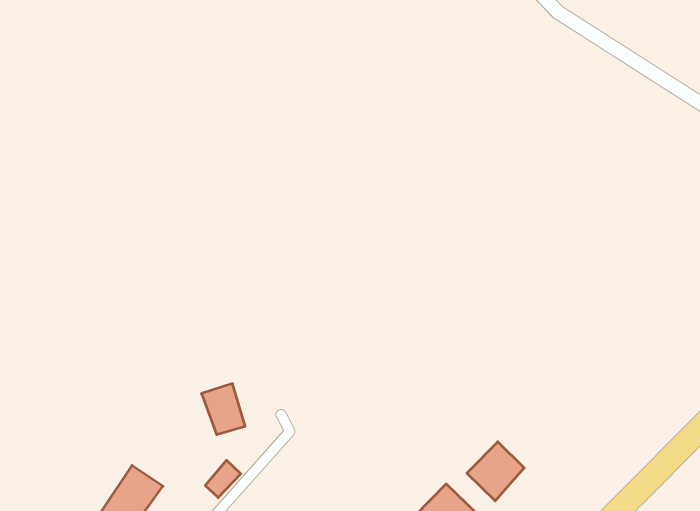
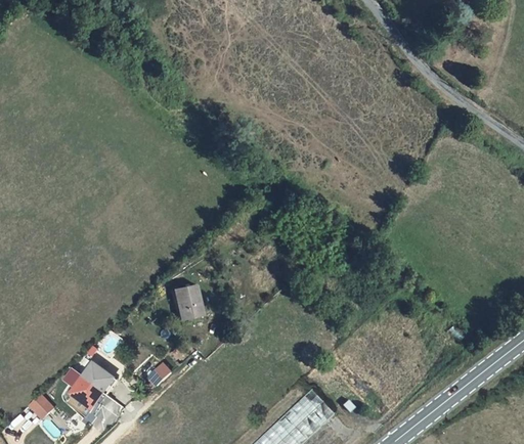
building: [201,384,245,435] -> [172,283,201,318]
building: [467,442,524,501] -> none

